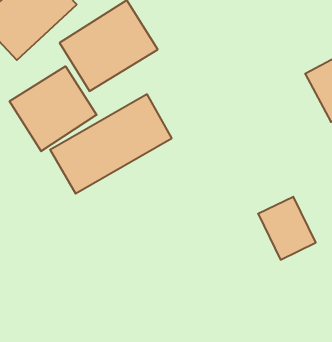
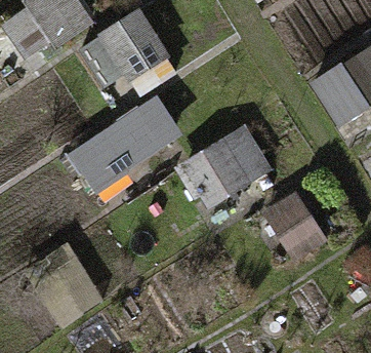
building: [10,66,97,151] -> none
building: none -> [176,125,273,212]

